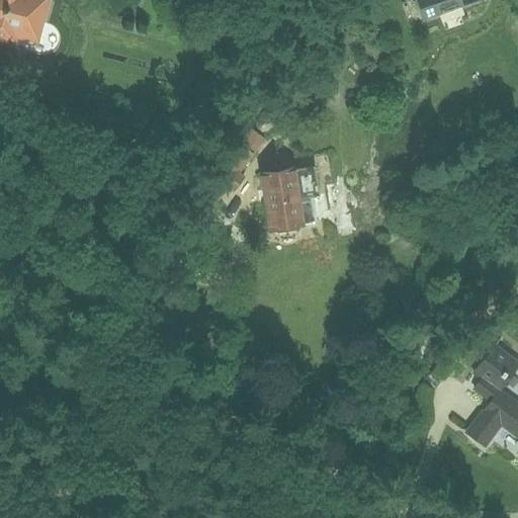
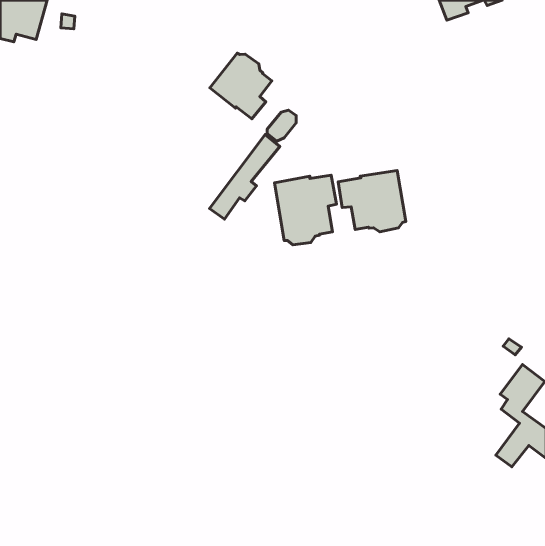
building: none -> [210,53,272,119]
building: none -> [338,170,406,232]

